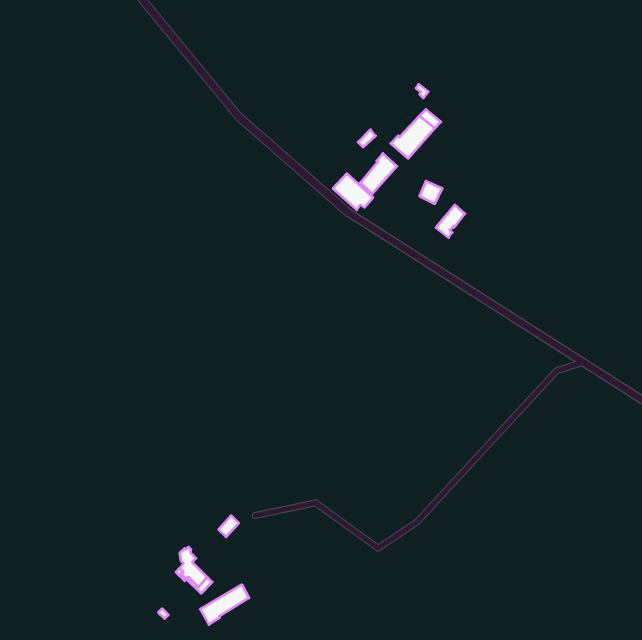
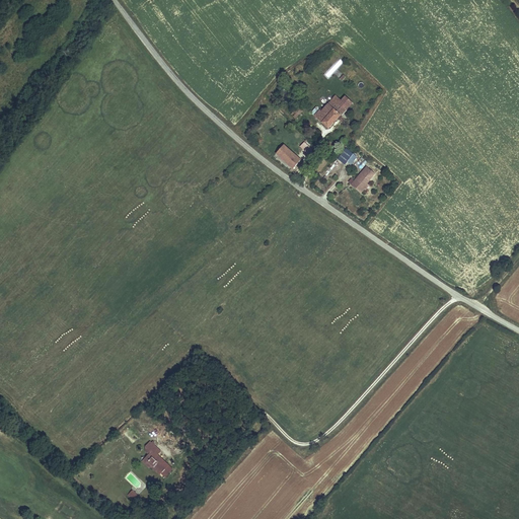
building: [360,153,397,194] -> none
building: [200,585,249,625] -> none

